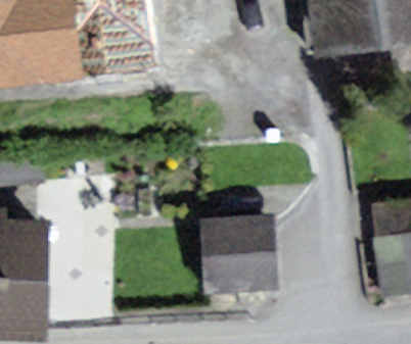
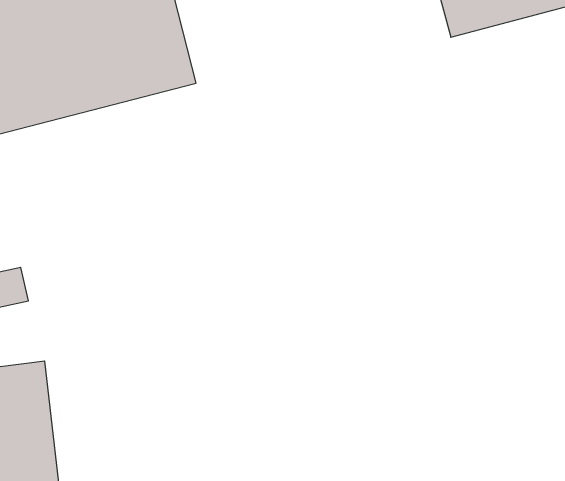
building: [198,215,277,296] -> none

